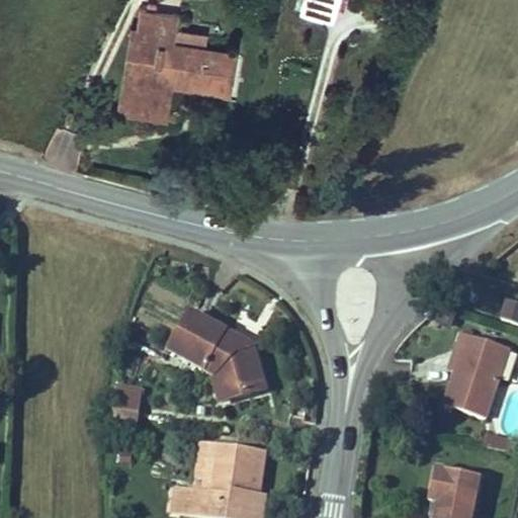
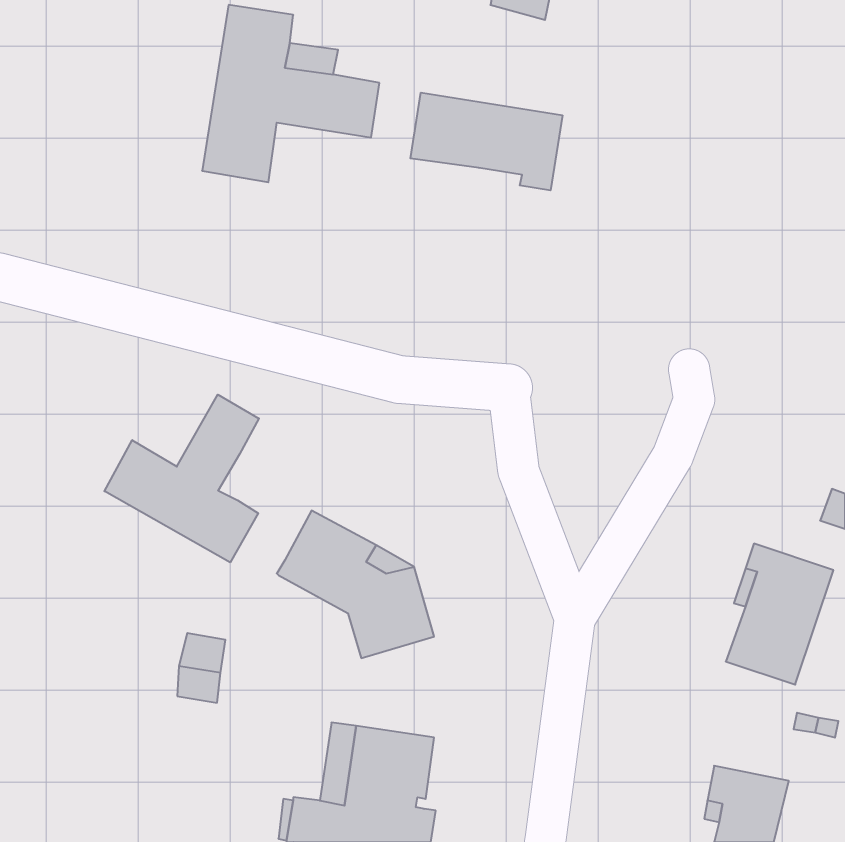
building: none -> [410,93,562,190]
building: none -> [104,395,259,562]

